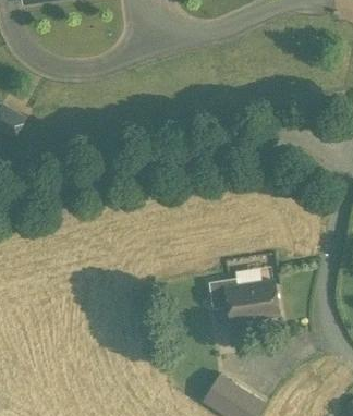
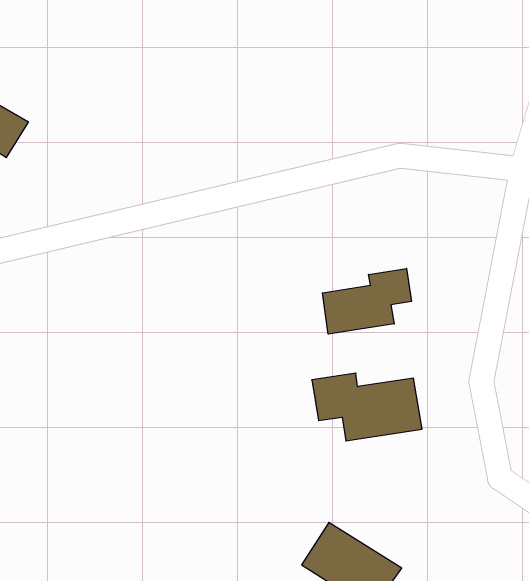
building: none -> [322,268,411,334]

